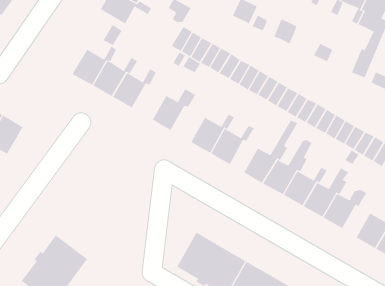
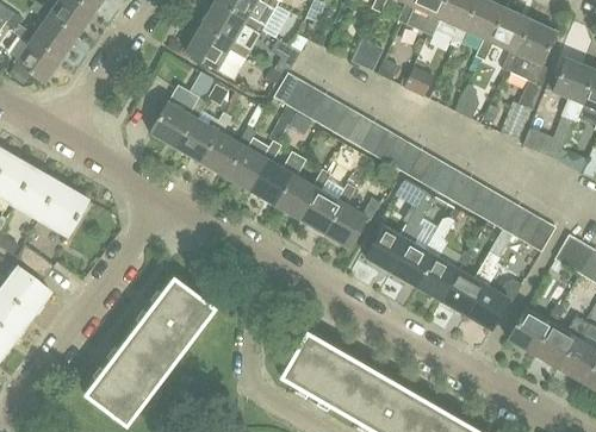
building: none -> [225,138,281,190]
building: none -> [274,169,330,219]
building: none -> [129,277,215,367]

